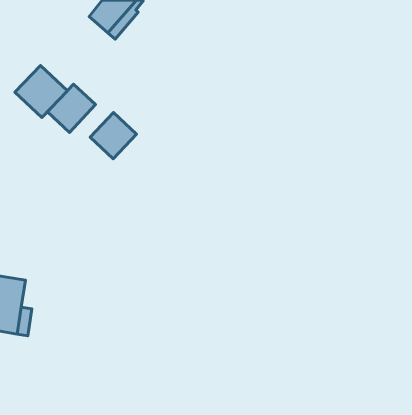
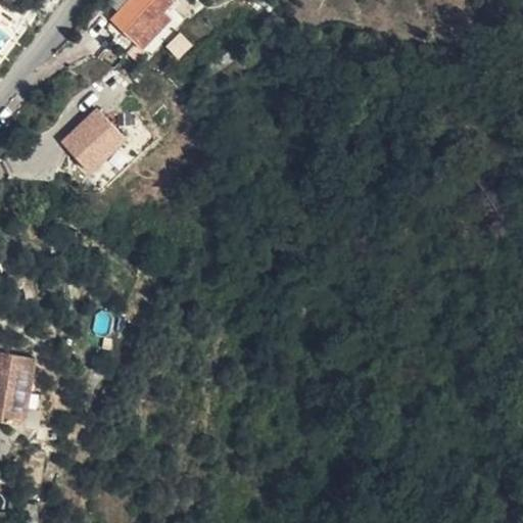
building: [15,66,67,118] -> none
building: [90,113,136,159] -> none

